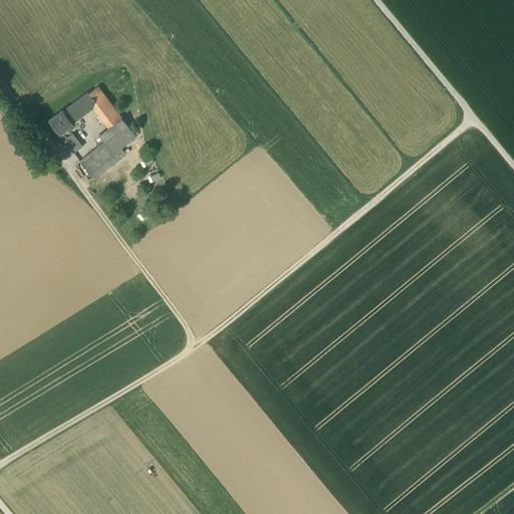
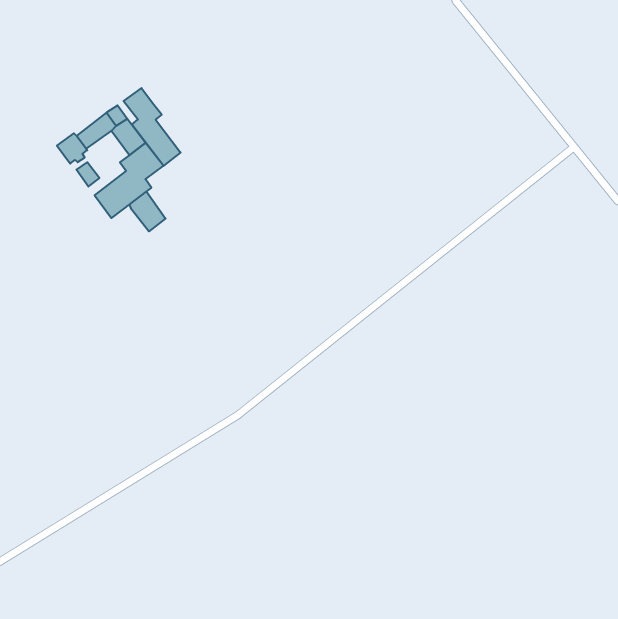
building: none -> [124,88,181,166]
building: none -> [130,192,166,231]

